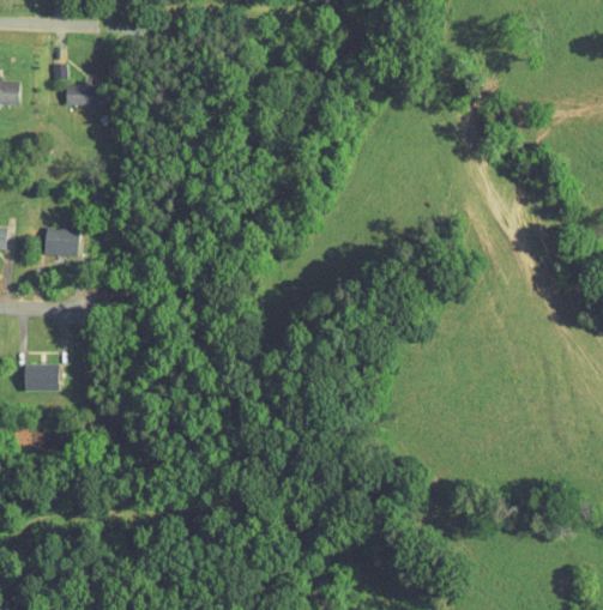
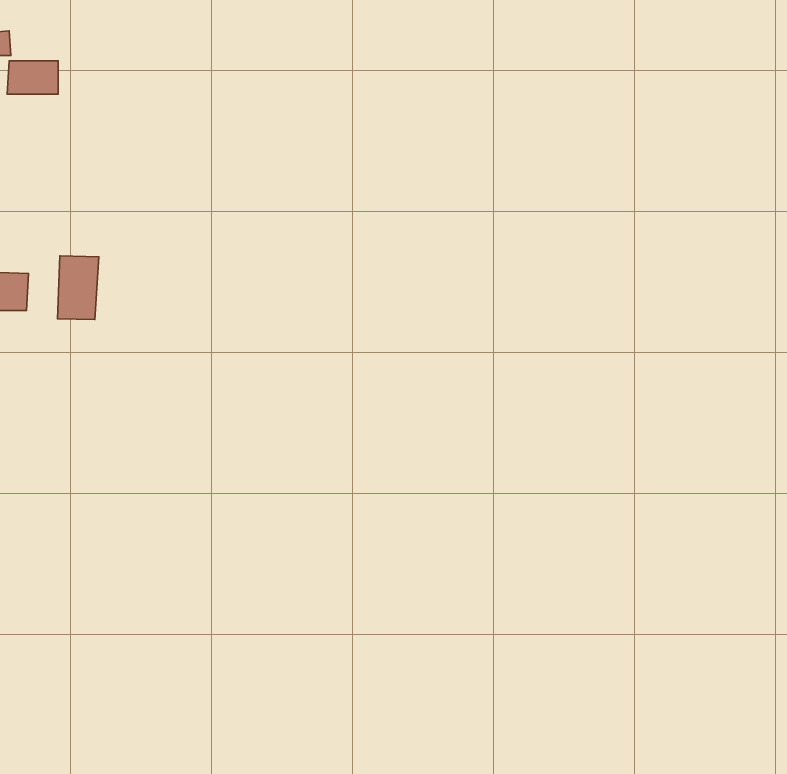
building: none -> [58,256,99,320]

